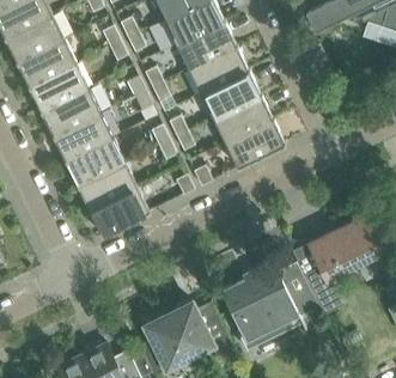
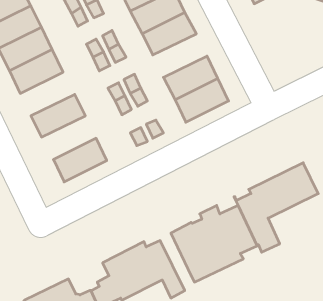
building: [201,69,262,118] -> none
building: [53,112,114,161] -> none
building: [77,161,138,211] -> none

